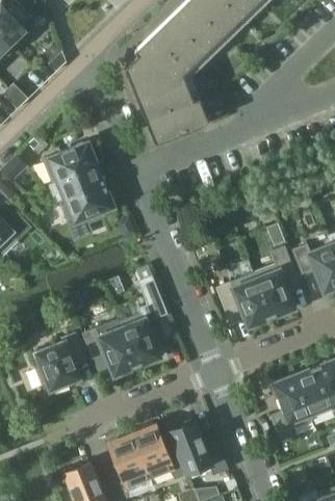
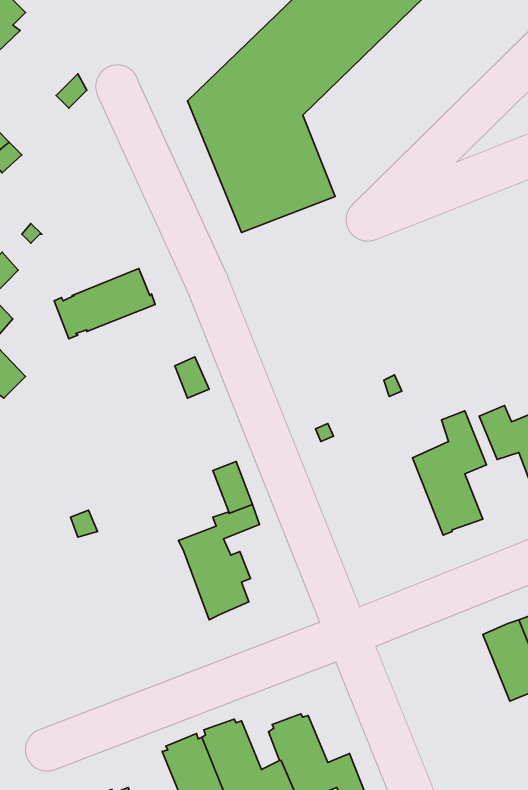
building: [43,142,96,183] -> none
building: [60,185,113,240] -> none
building: [216,273,272,326] -> none
building: [82,319,136,375] -> none
building: [35,333,85,392] -> none
building: [270,375,312,441] -> none

